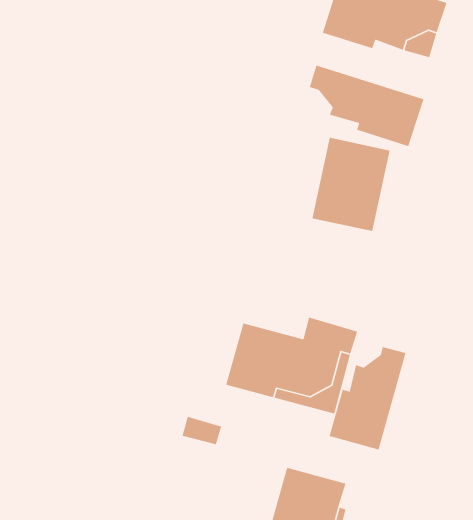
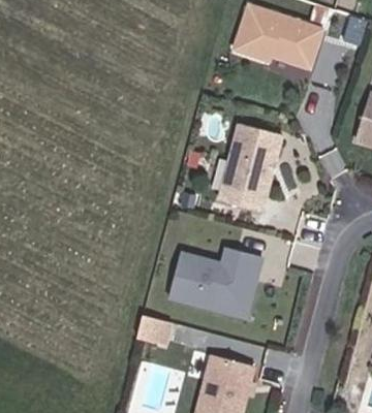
building: [309,64,424,147] -> none
building: [329,346,407,451] -> none

